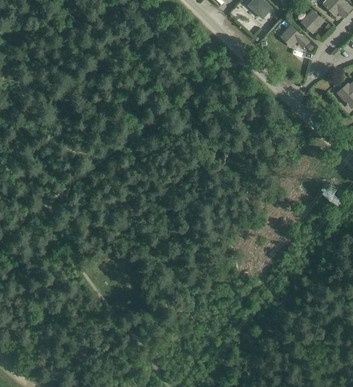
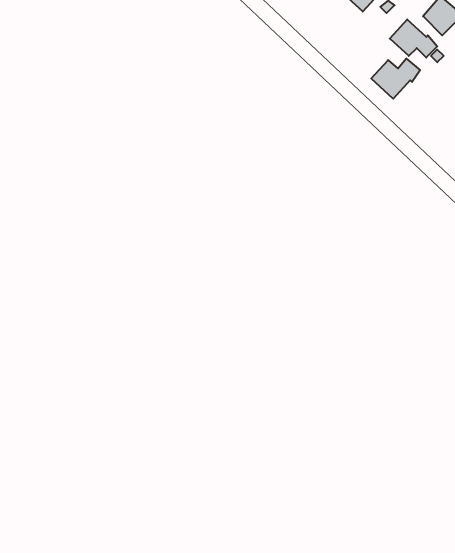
building: none -> [371,58,420,99]

